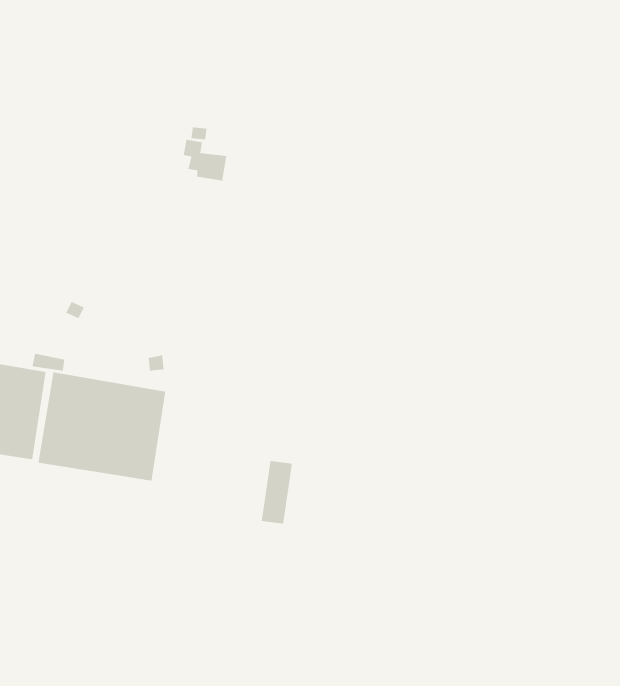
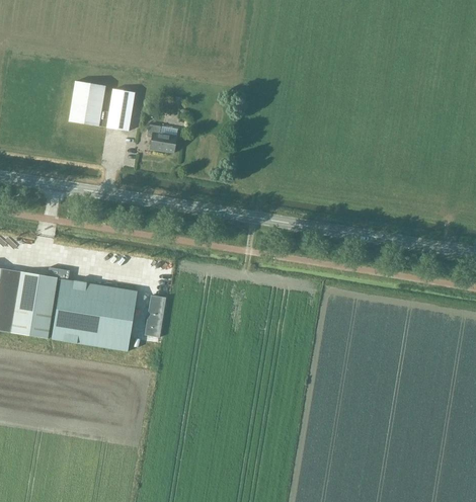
building: none -> [69,81,134,131]
building: [261,460,293,524] -> [144,295,165,337]

